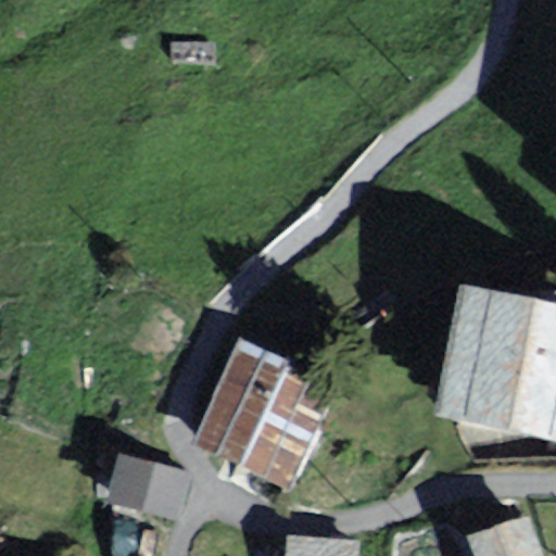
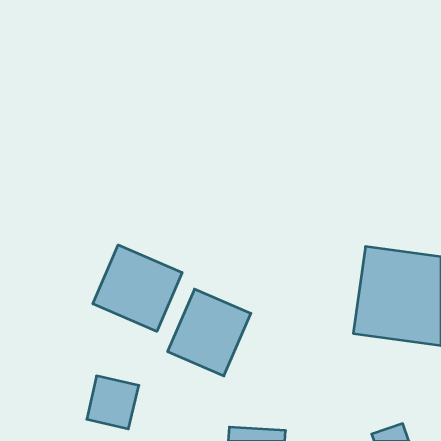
building: none -> [93,245,182,331]

